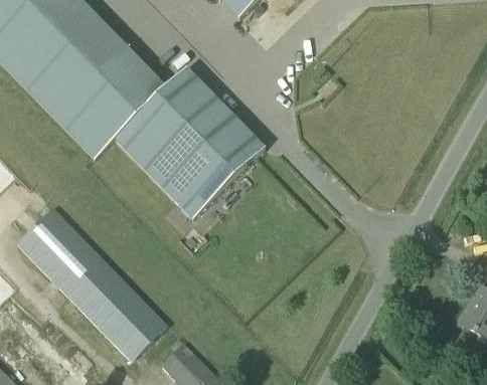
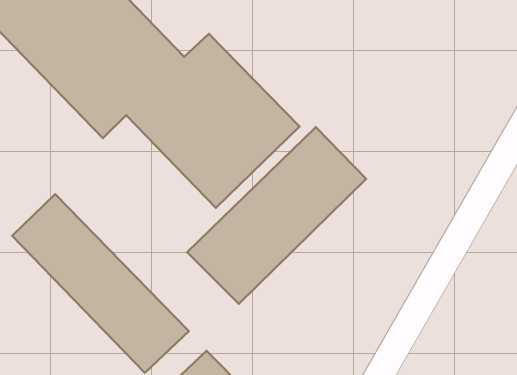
building: none -> [187,127,366,304]

